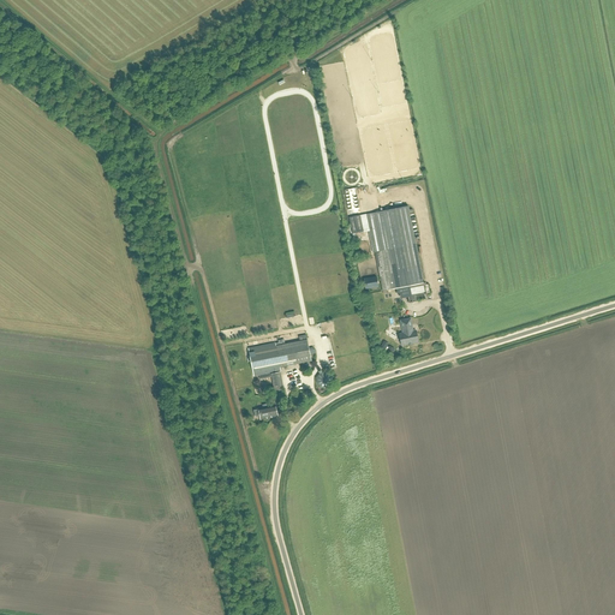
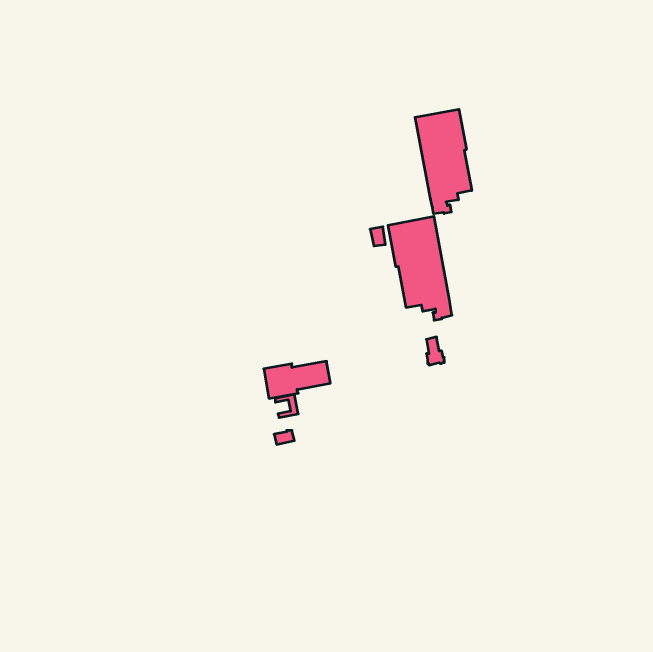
building: none -> [415,109,472,214]

